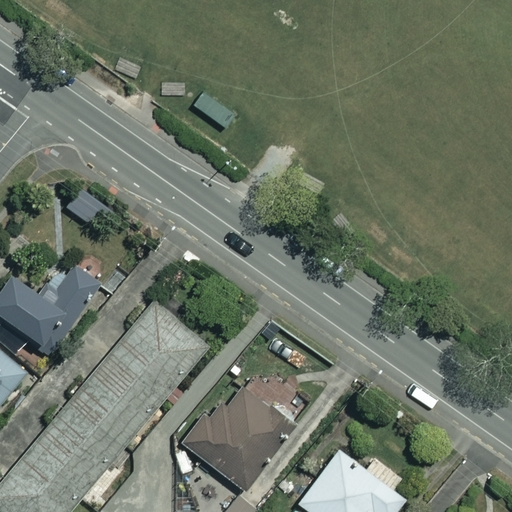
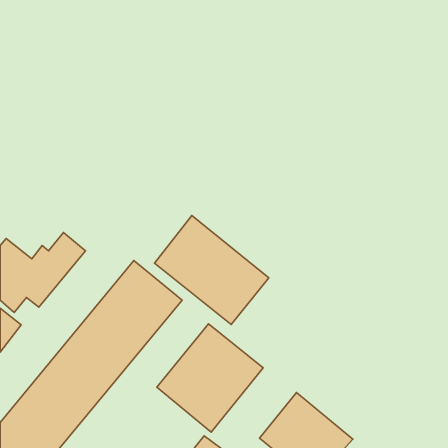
building: none -> [154,216,269,324]

